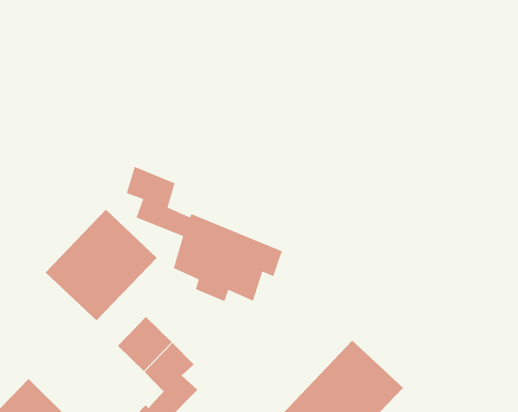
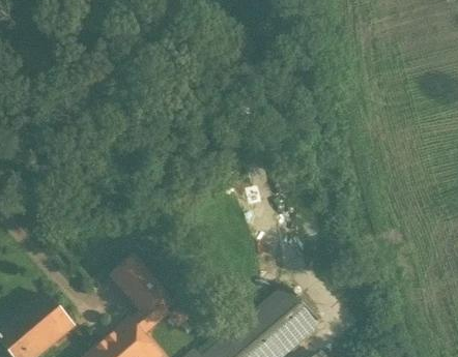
building: [126,166,283,302] -> none
building: [45,209,157,321] -> none

